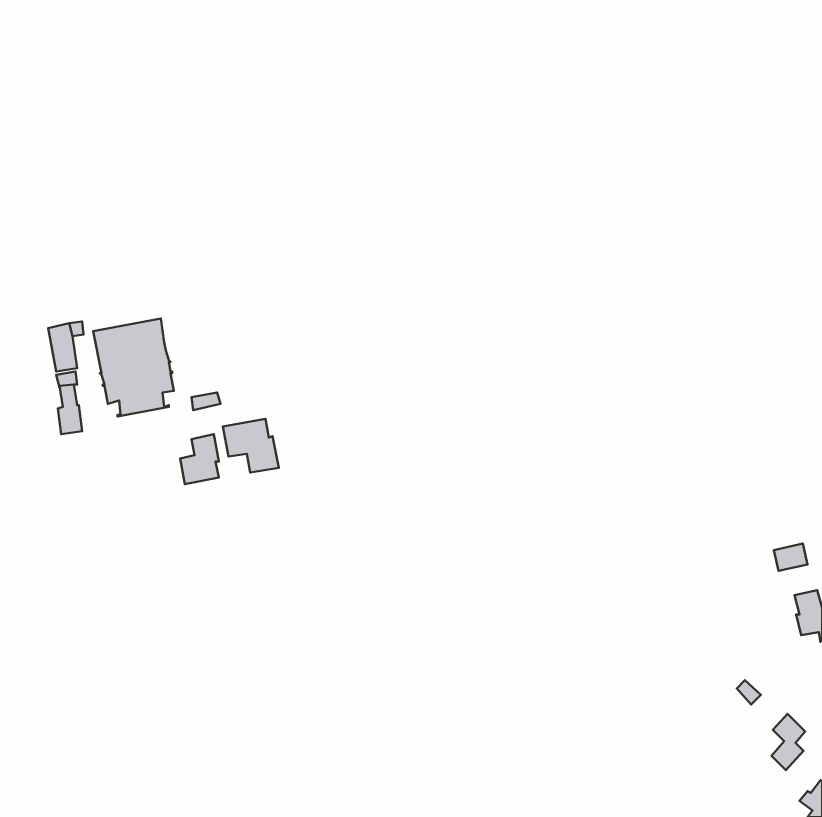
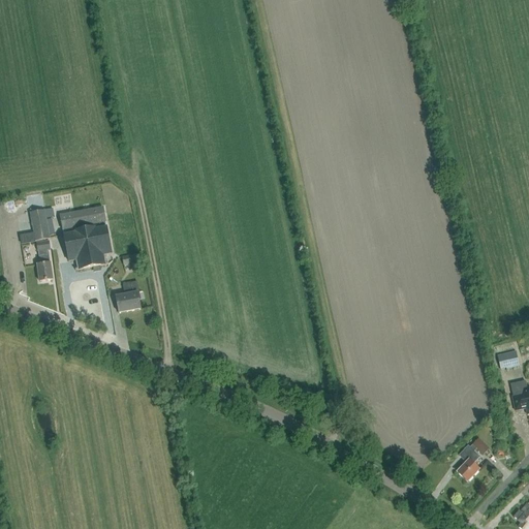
building: [223,419,279,472] -> none
building: [771,714,805,770] -> [458,443,479,479]

